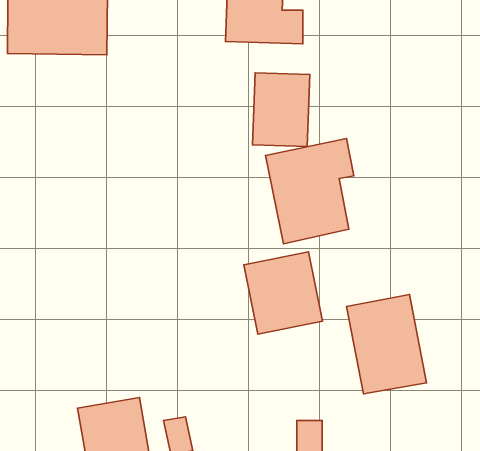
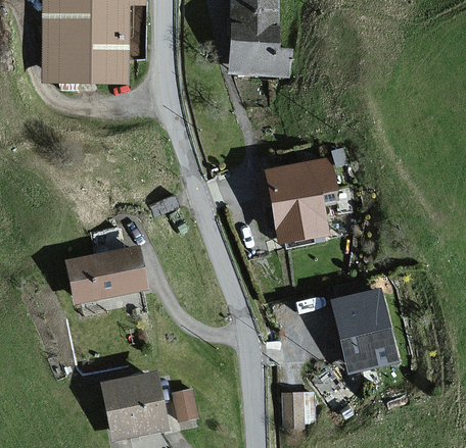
building: [253,73,310,146] -> none
building: none -> [66,246,143,303]
building: [244,252,322,334] -> none

